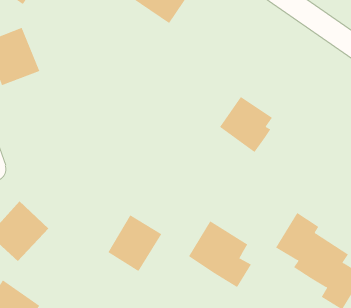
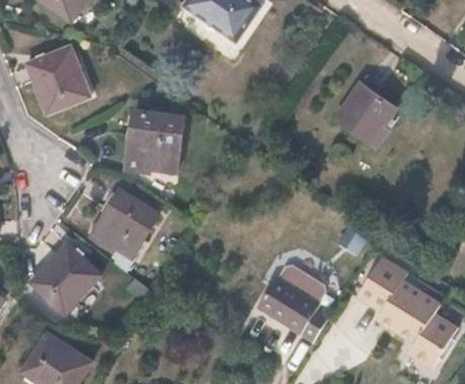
building: none -> [127,110,184,171]
building: [219,96,273,153] -> [336,83,397,147]
building: [108,214,162,272] -> [97,190,159,256]

